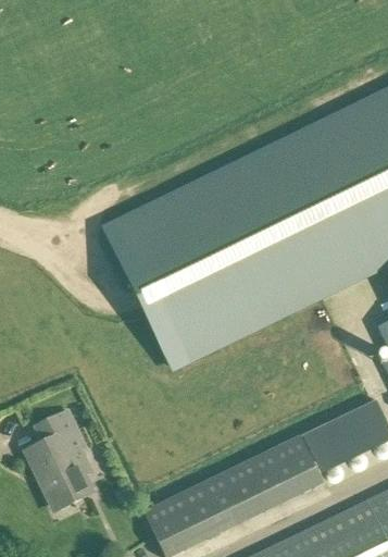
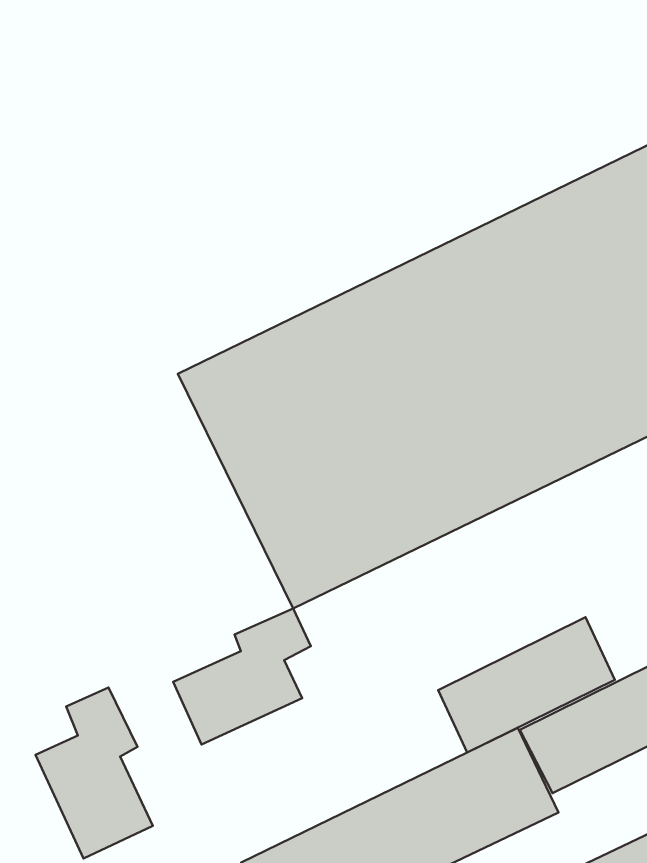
building: none -> [173,609,311,745]
building: none -> [438,617,615,752]

